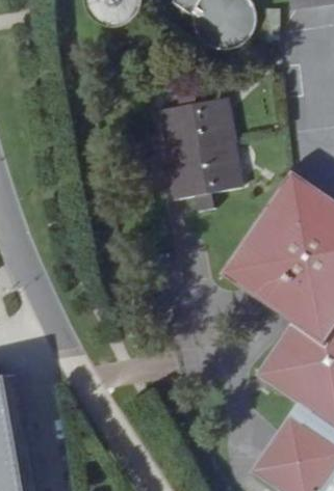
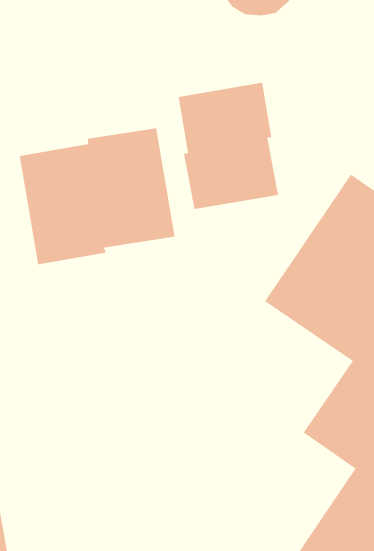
building: none -> [19,128,175,265]

